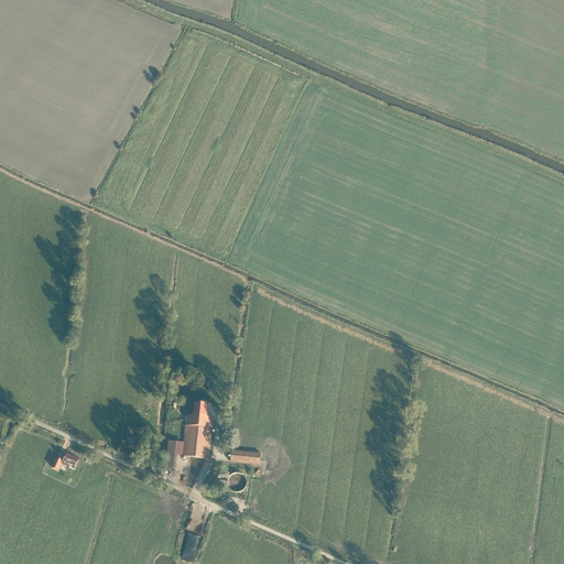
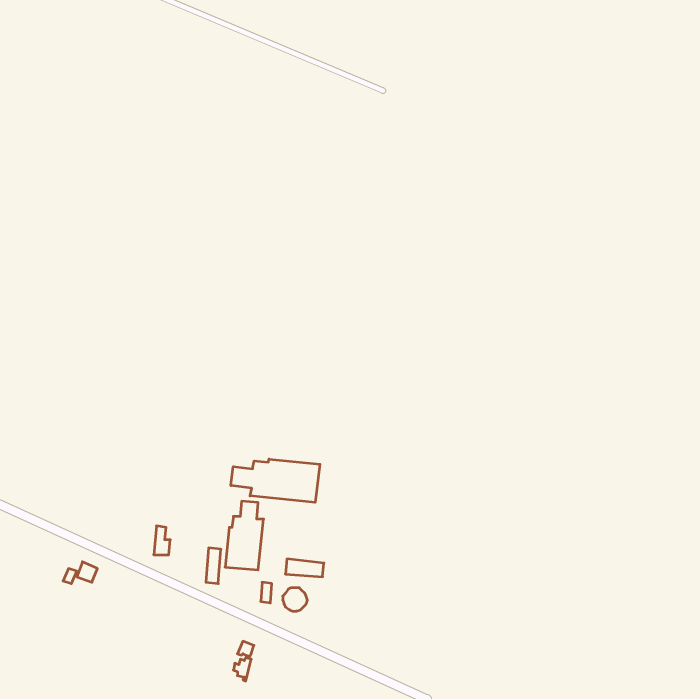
building: none -> [231,459,320,502]

